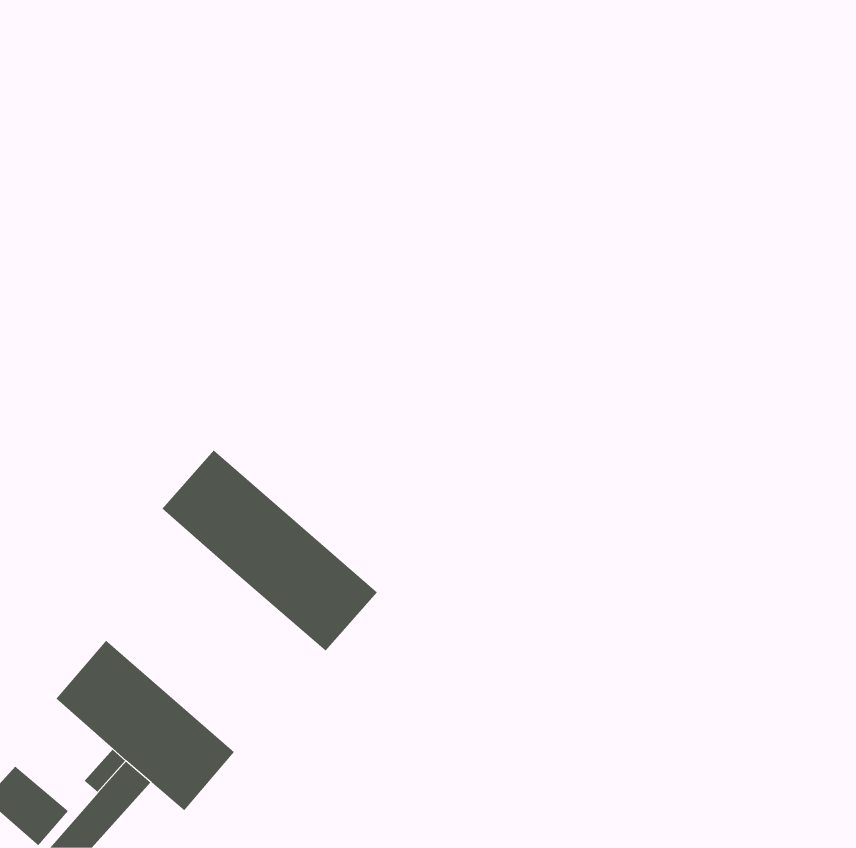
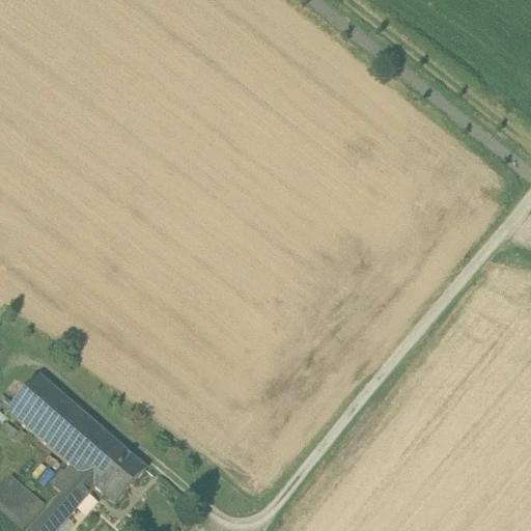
building: [162,450,378,651] -> none
building: none -> [9,373,65,431]

